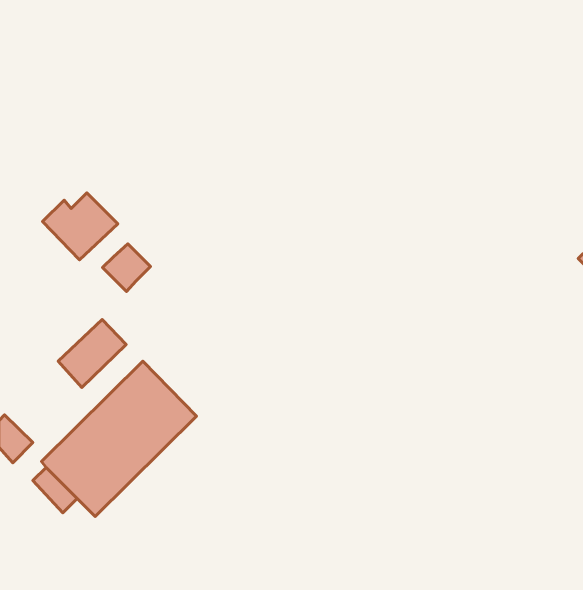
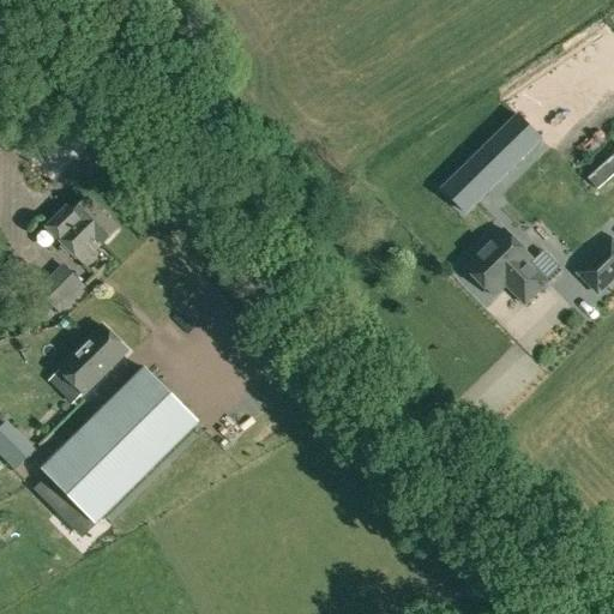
building: none -> [438,109,536,204]
building: none -> [466,230,548,305]
building: [103,244,150,291] -> [37,266,85,314]

